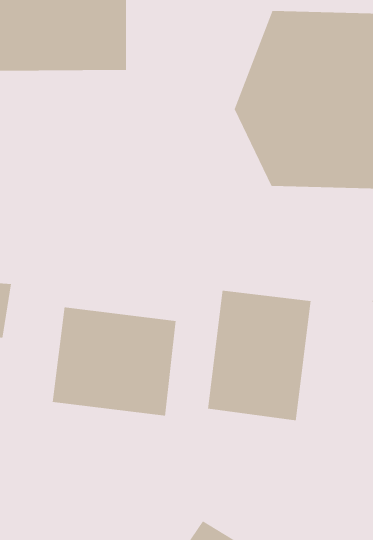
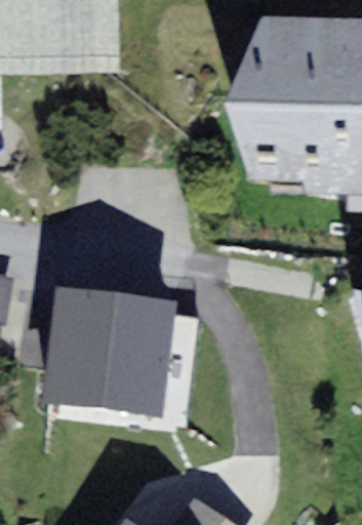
building: [207,290,311,421] -> none

